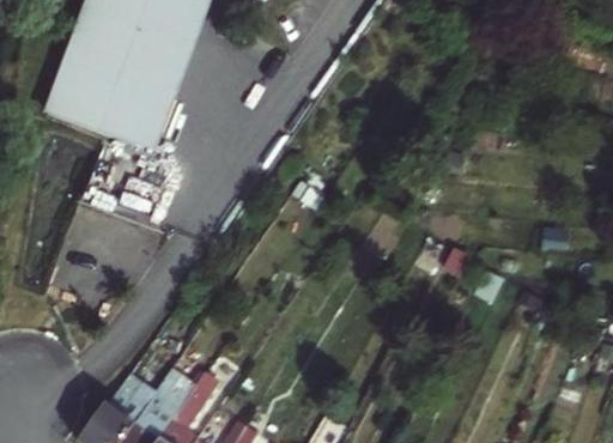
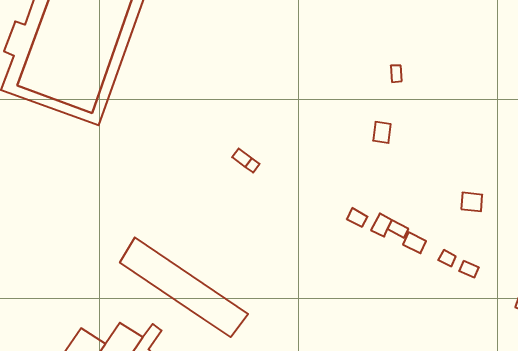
building: none -> [120,237,248,337]

